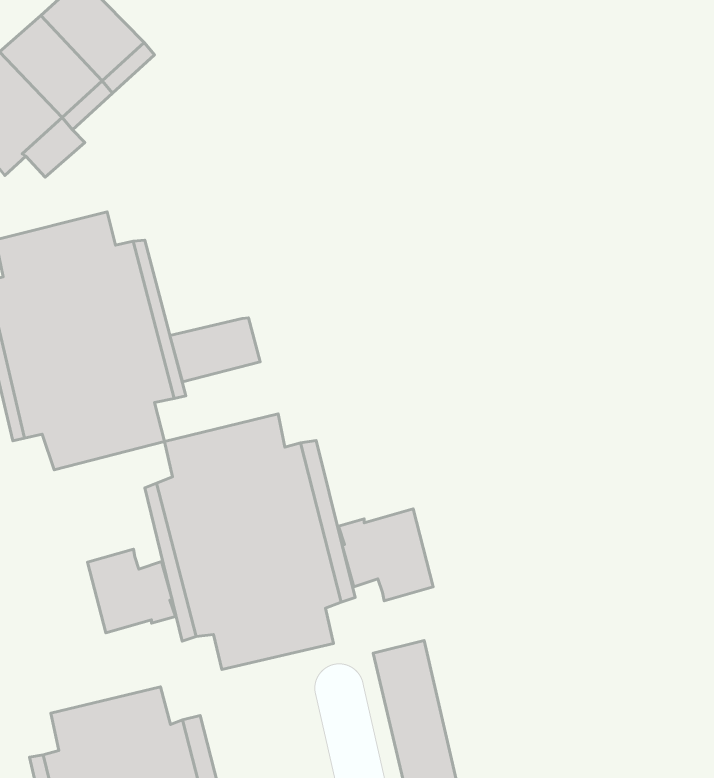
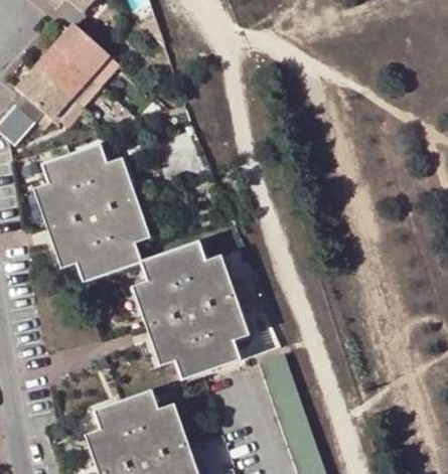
building: [170,318,260,382] -> none
building: [338,509,433,601] -> none
building: [88,549,175,633] -> none

